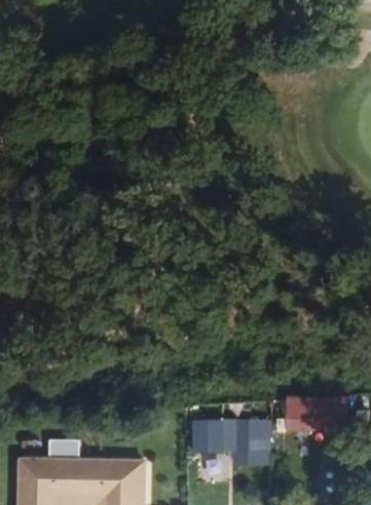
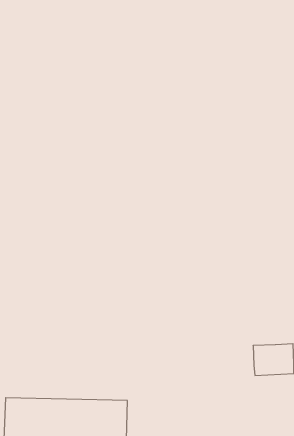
building: [191,418,262,463] -> none

